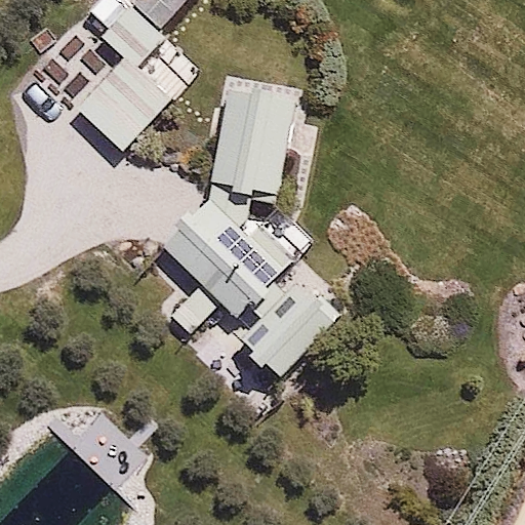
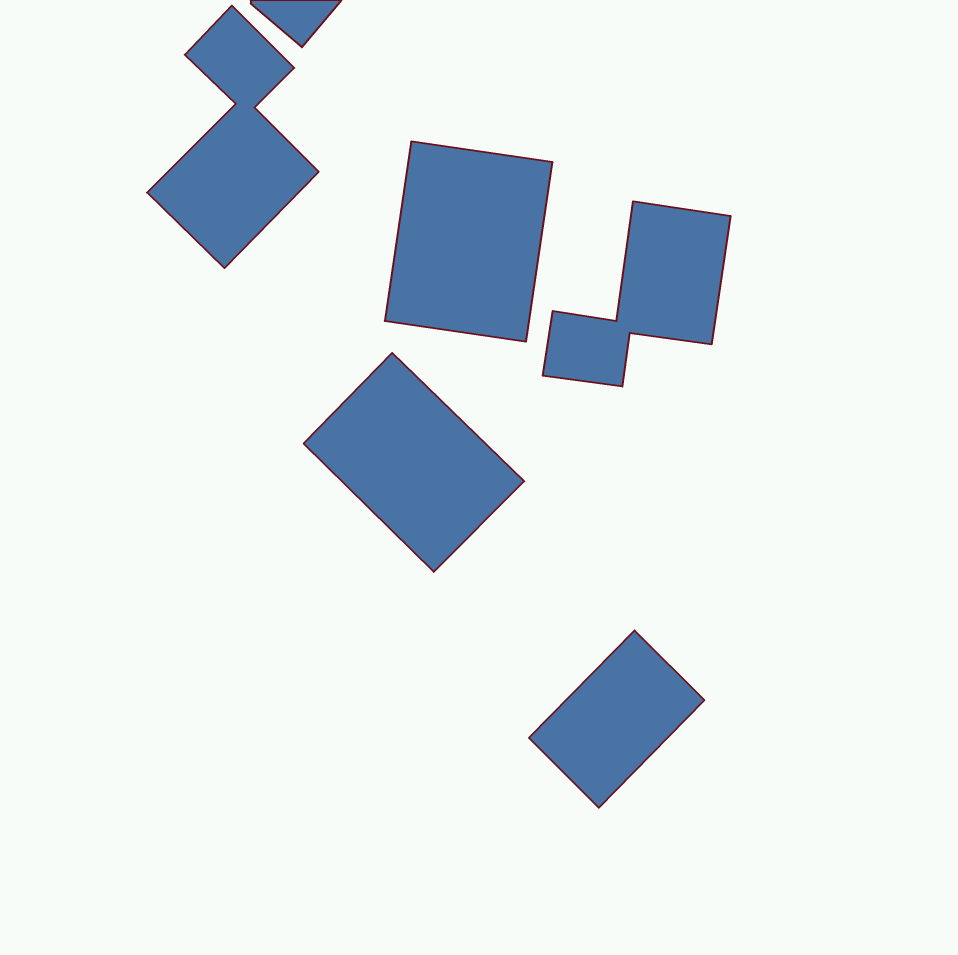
building: none -> [543,201,731,387]
building: [242,276,337,372] -> [529,630,704,808]

